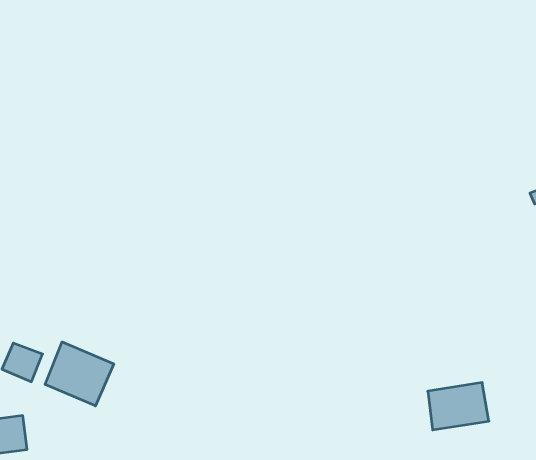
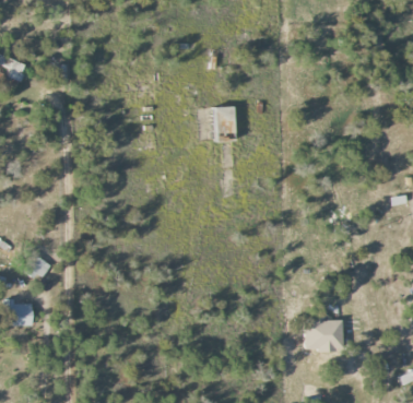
building: none -> [214,107,235,142]
building: [45,342,114,406] -> none

